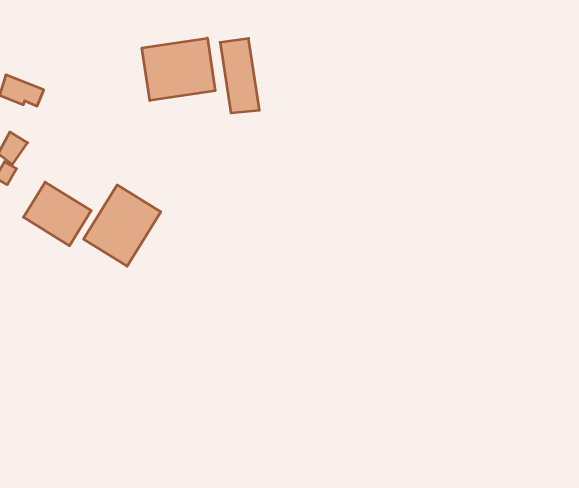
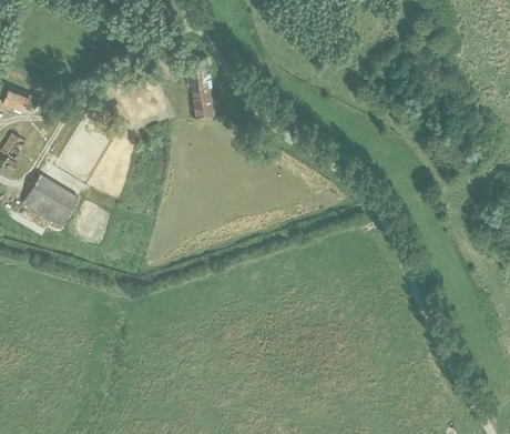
building: [142,38,215,101] -> none
building: [84,185,161,266] -> none

